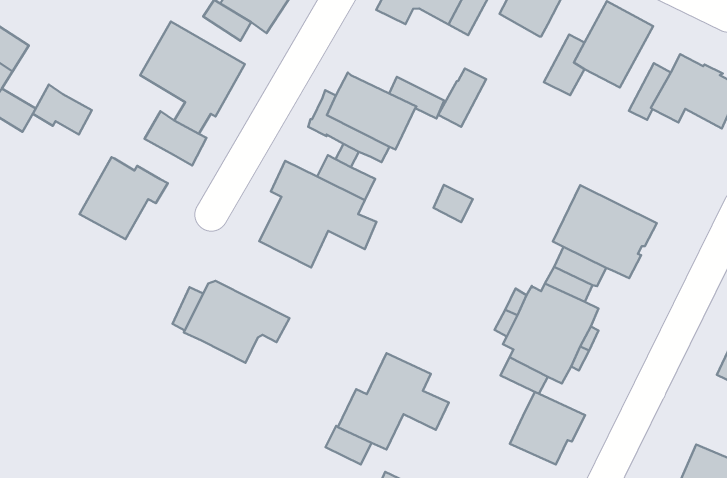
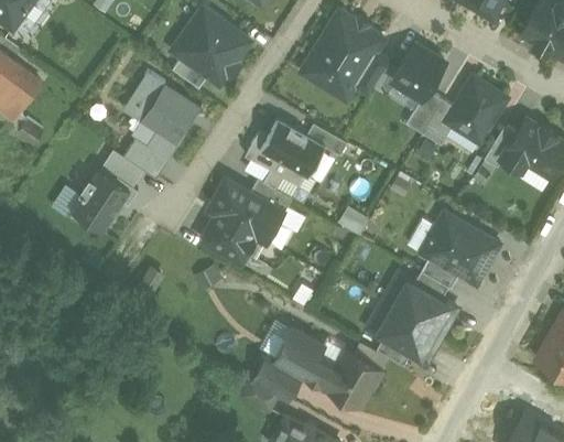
building: [438,69,486,127] -> [406,90,444,133]
building: [33,85,92,135] -> [100,149,144,187]
building: [184,281,290,363] -> none
building: [510,392,585,465] -> [326,349,383,405]

